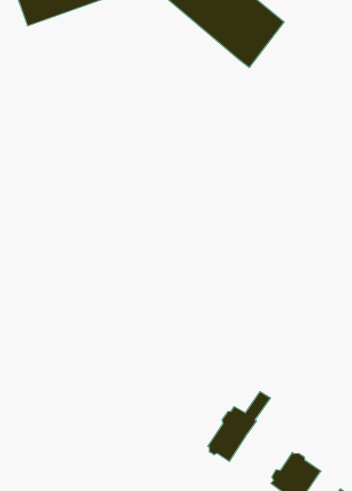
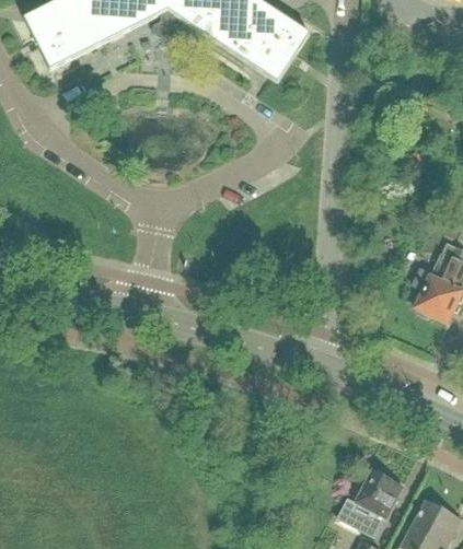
building: [208,392,270,461] -> none

